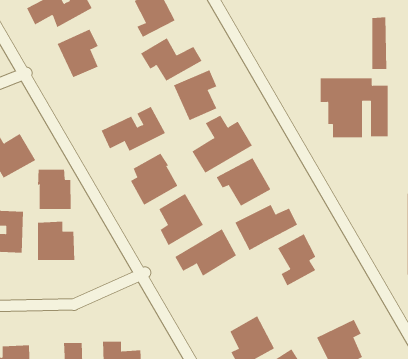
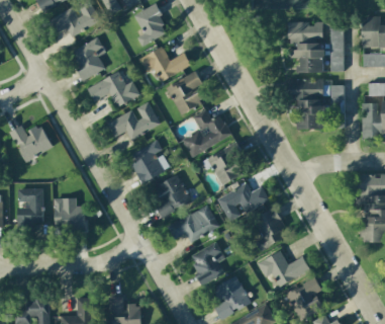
building: none -> [289,21,324,73]
building: none -> [87,71,140,107]
building: [37,169,71,210] -> none
building: none -> [188,242,225,286]
building: none -> [258,251,310,286]

